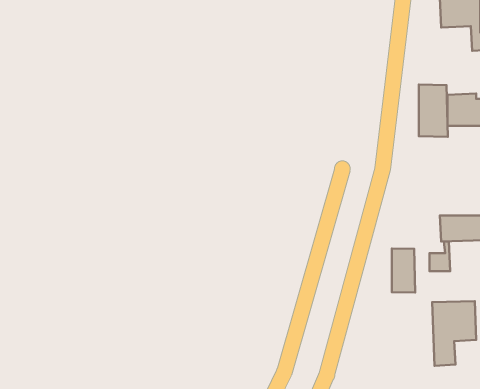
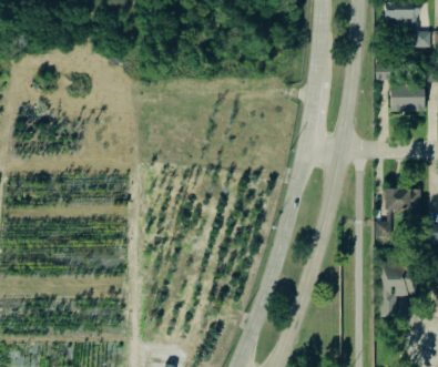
building: [419,85,448,137] -> none
building: [392,248,415,293] -> none

